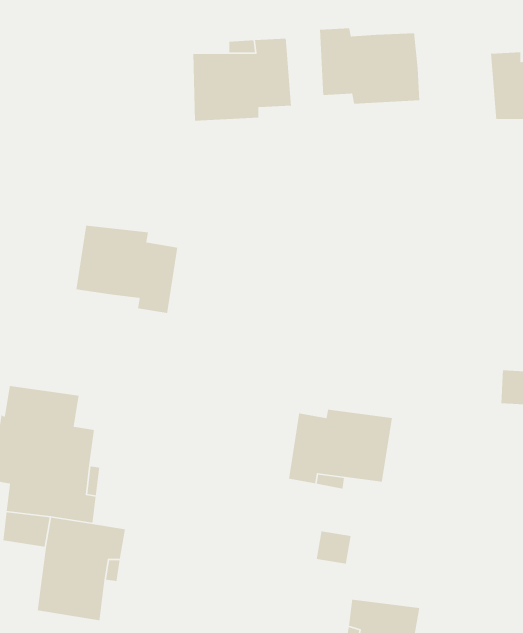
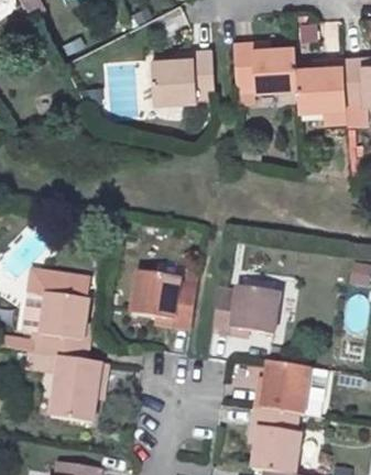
building: none -> [297,58,347,111]
building: [75,225,178,314] -> [132,273,198,330]
building: none -> [254,363,312,416]

